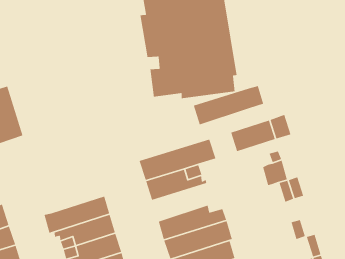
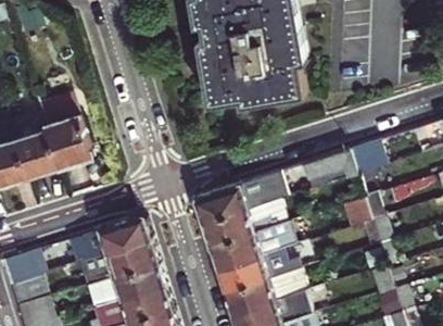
building: none -> [38,100,90,170]
building: [193,85,264,125] -> [208,223,293,271]
building: none -> [68,214,153,264]

